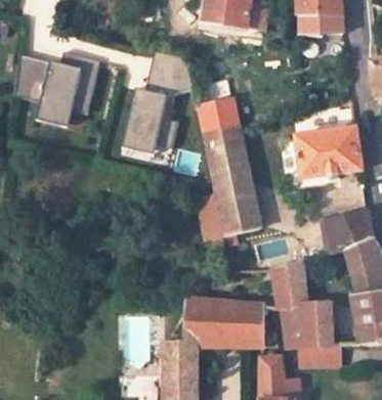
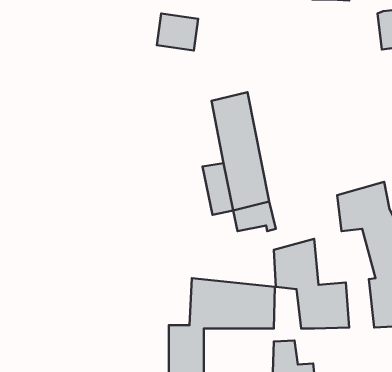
building: [13,47,99,126] -> none
building: [134,86,170,150] -> none
building: [198,99,239,134] -> none
building: [291,128,362,179] -> none
building: [301,346,343,367] -> none

